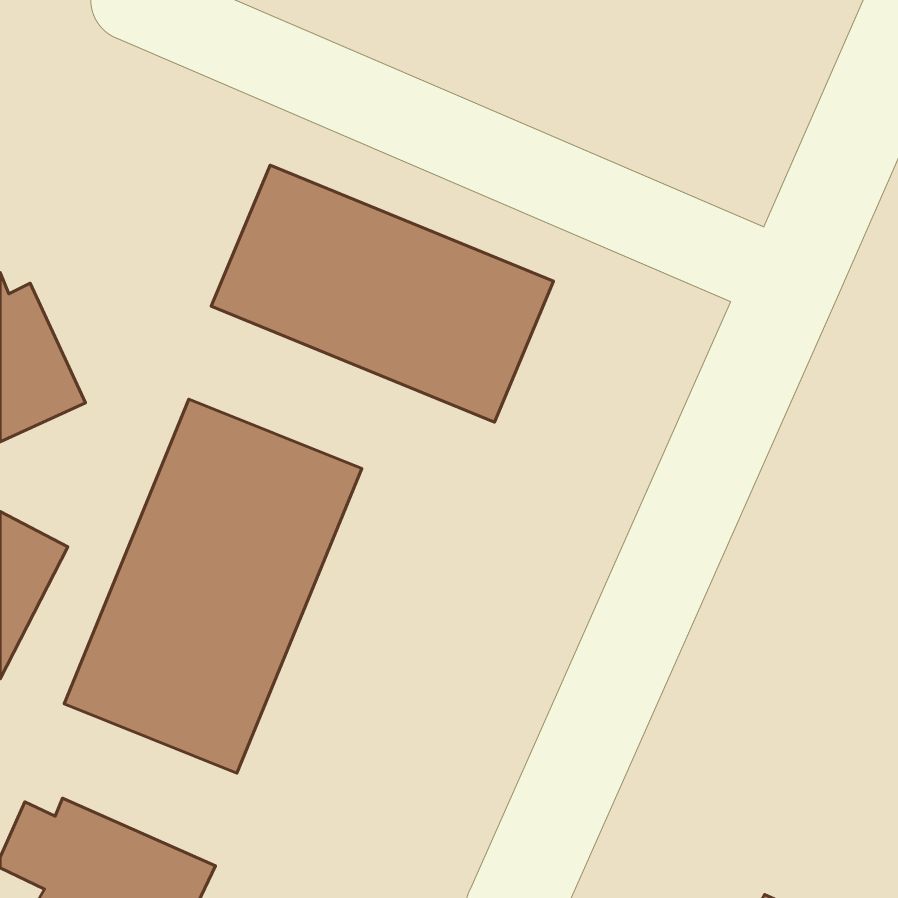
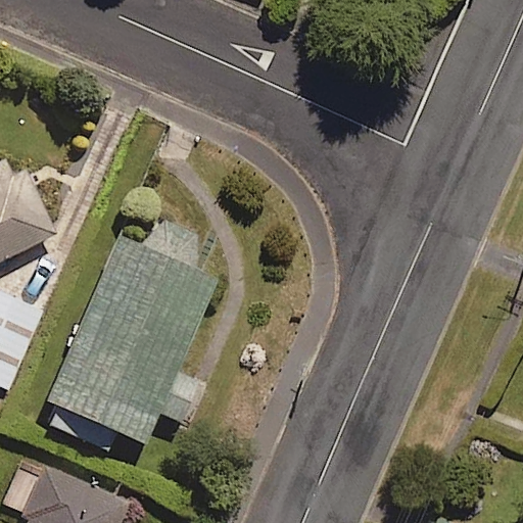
building: [211,165,554,422] -> none

